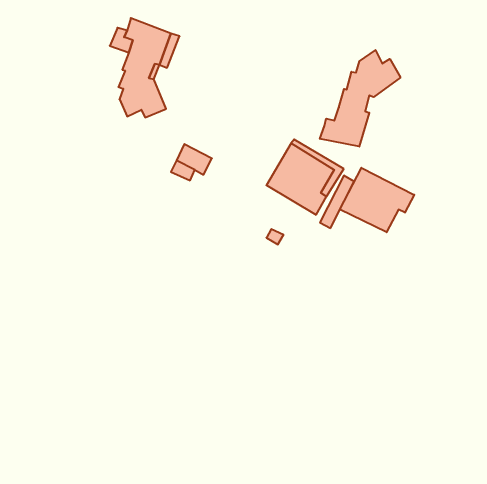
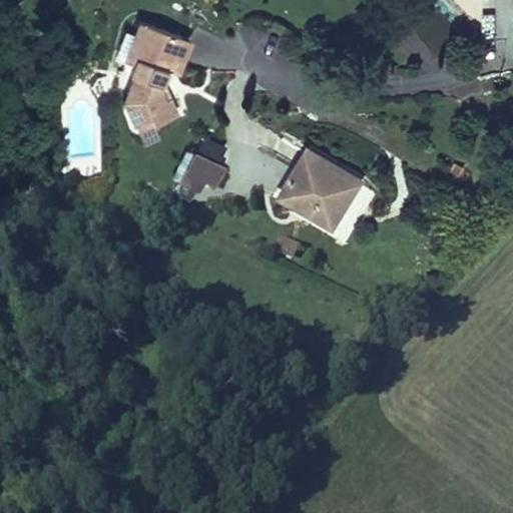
building: [320,50,400,147] -> none
building: [340,168,414,232] -> none

